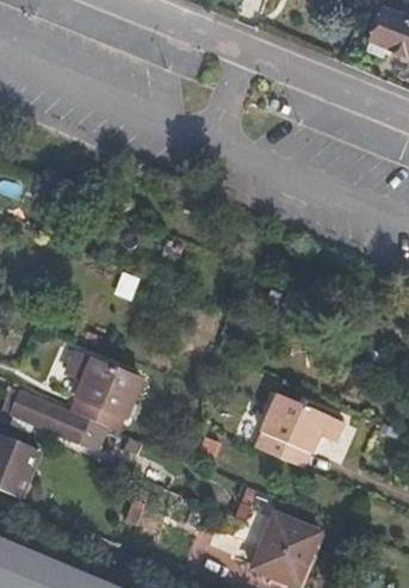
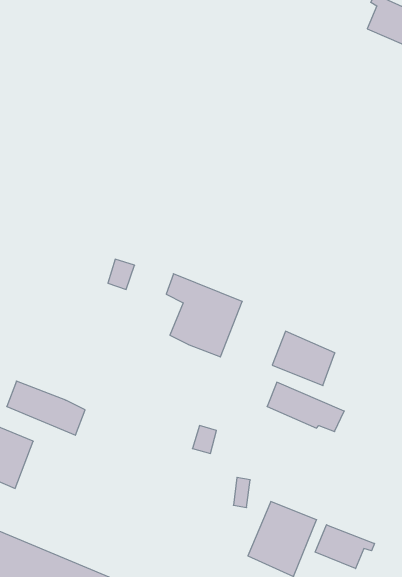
building: [68,349,143,432] -> [166,274,242,357]
building: [258,416,320,470] -> [272,331,335,386]
building: none -> [315,525,374,569]

